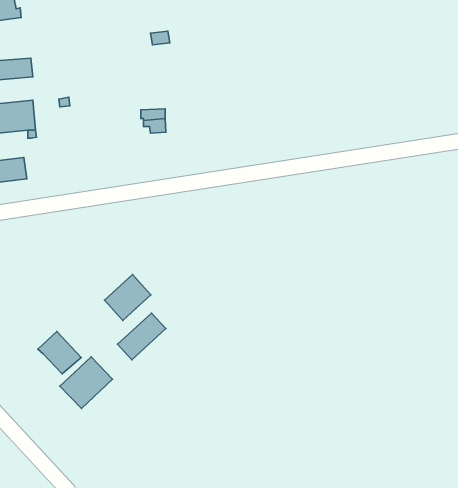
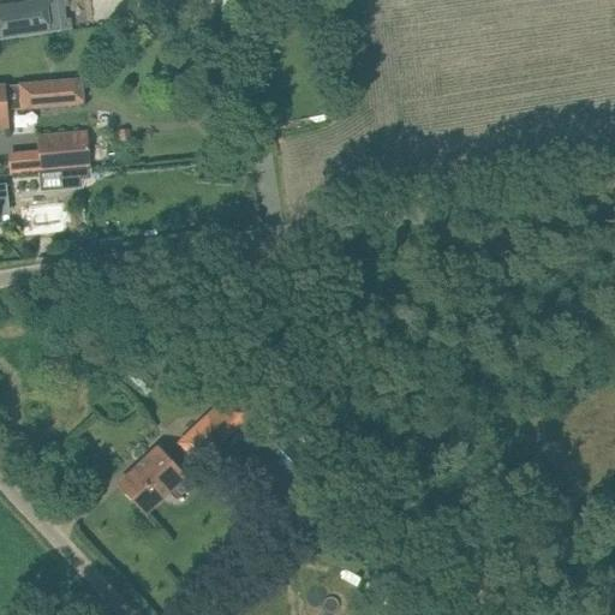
building: [104,274,151,321] -> none
building: [38,331,81,374] -> none

